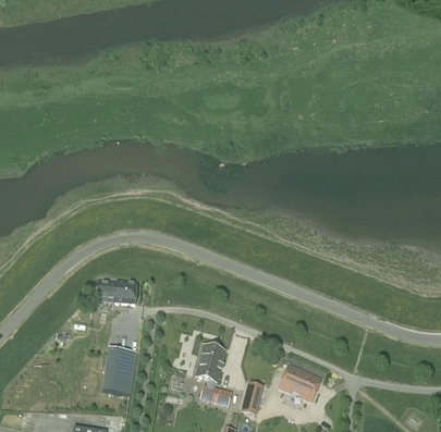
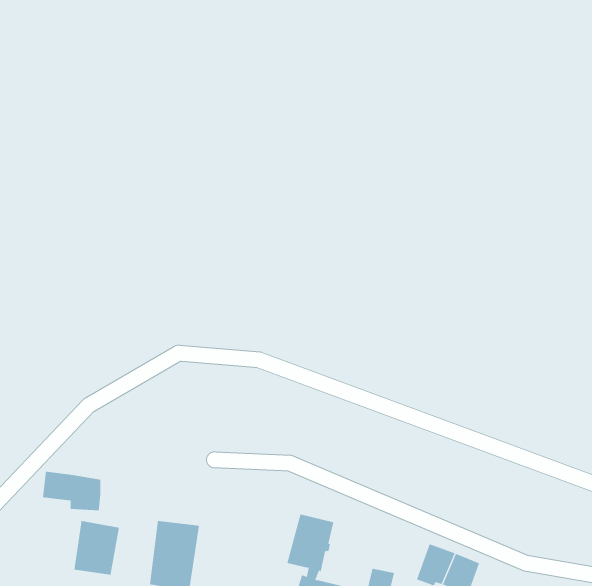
building: [97,277,136,304] -> [42,471,101,511]
building: none -> [74,520,119,575]

